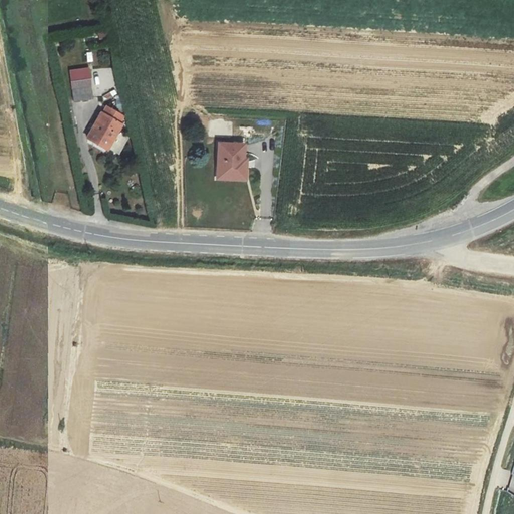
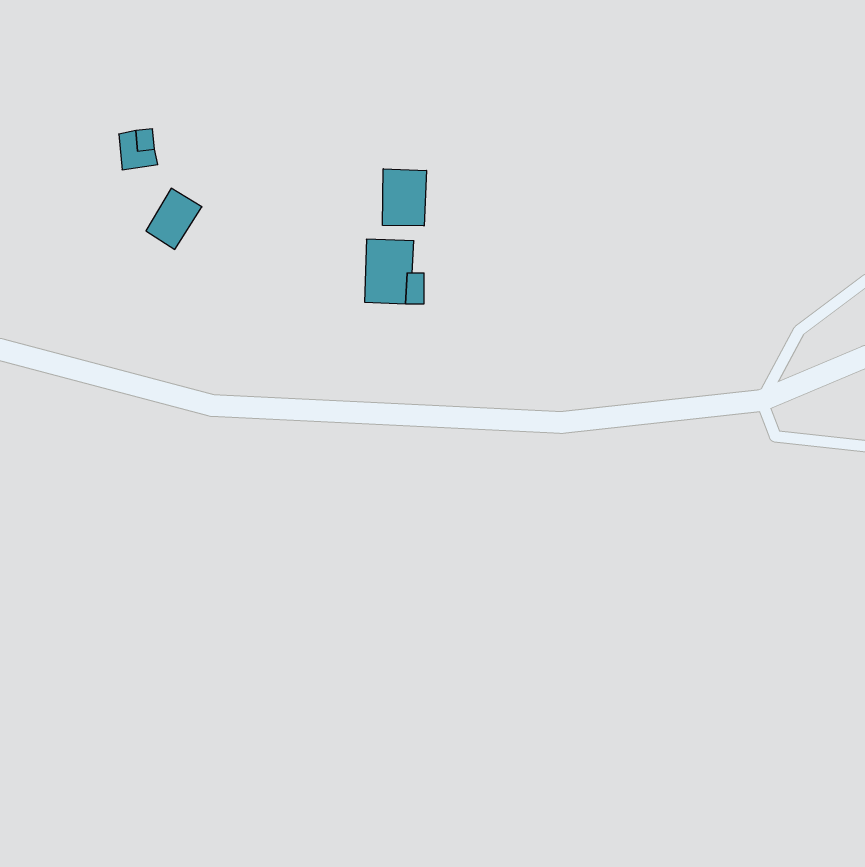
building: none -> [383,169,426,226]

